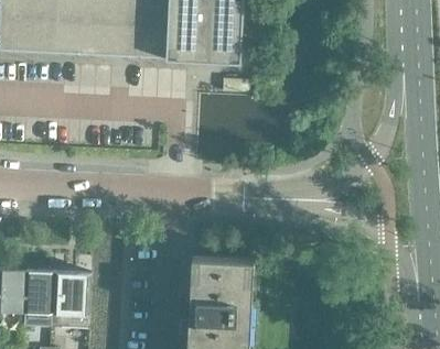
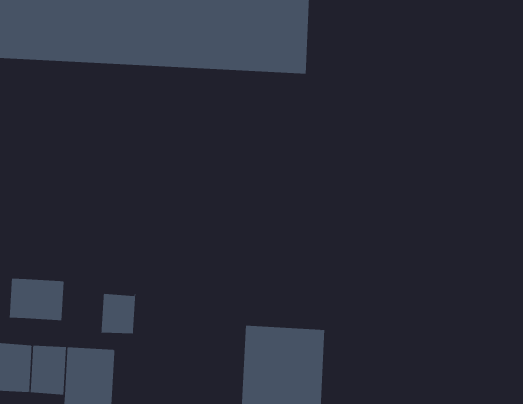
building: none -> [9,278,66,321]
building: none -> [101,292,136,337]

